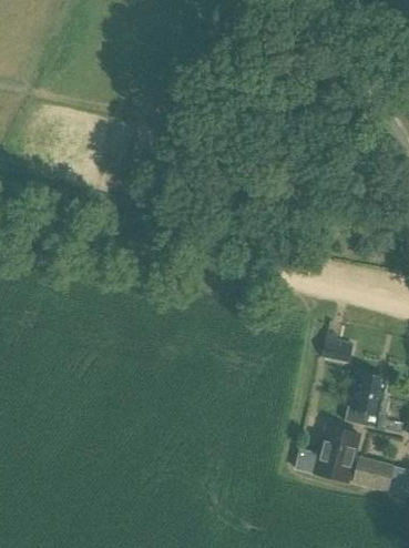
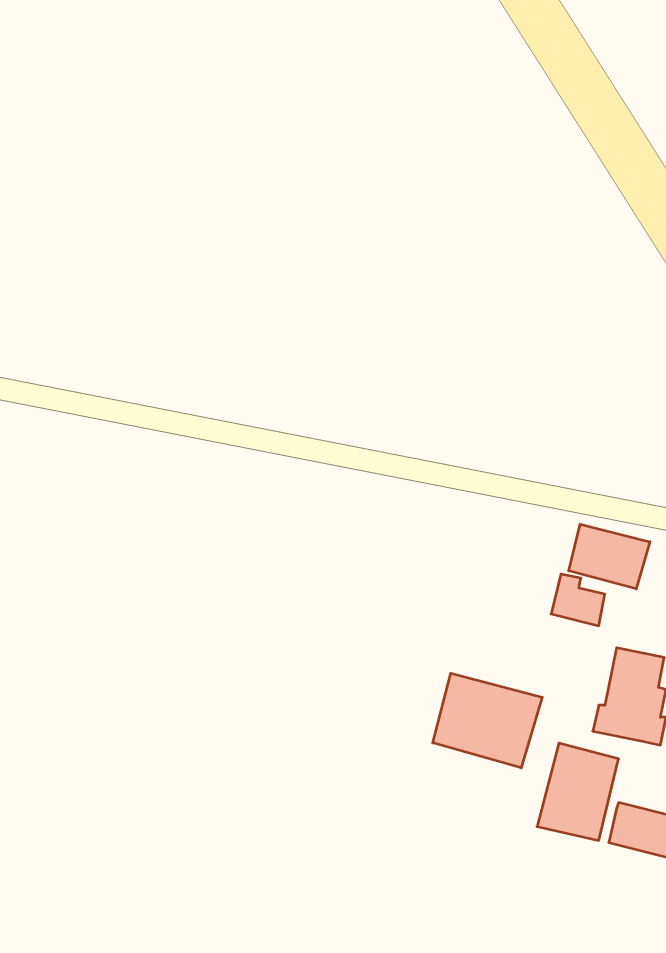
building: none -> [569,524,650,589]
building: none -> [433,673,542,768]

